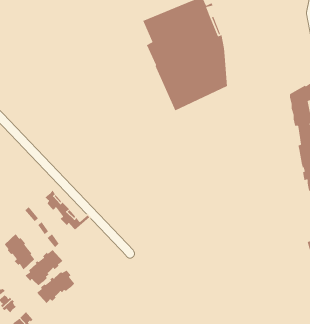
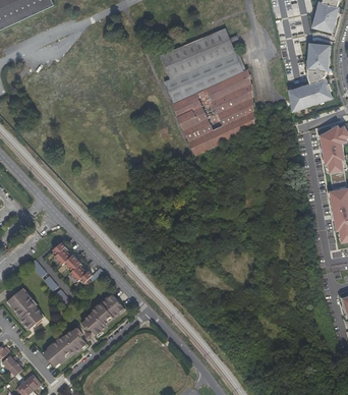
building: none -> [287,45,331,110]
building: [24,249,64,286] -> [80,294,123,335]

